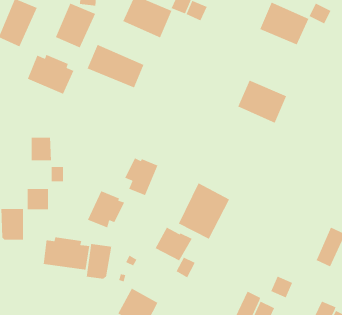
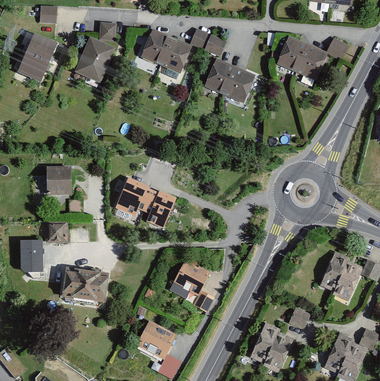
building: [87,44,144,89] -> none
building: [27,54,74,95] -> none
building: [237,80,287,124] -> [205,58,255,102]
building: [178,182,230,240] -> none
building: [87,190,125,228] -> [115,178,153,216]
building: none -> [319,250,349,291]
building: [86,243,112,280] -> none

